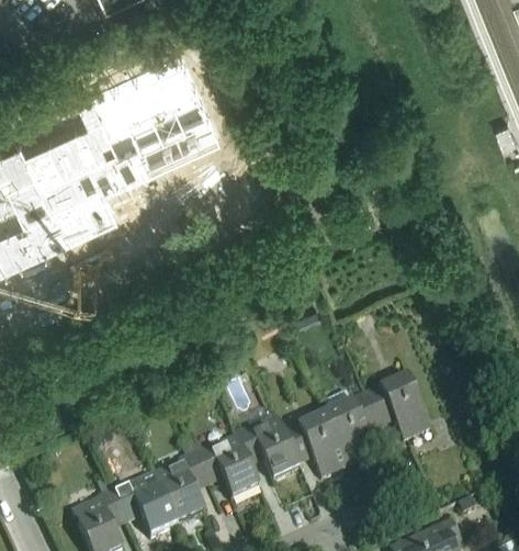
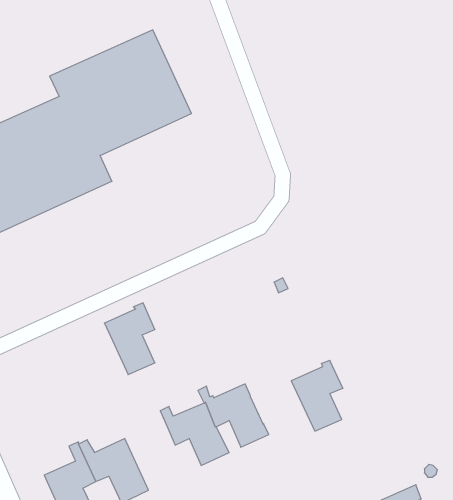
building: [364,378,431,442] -> none
building: [277,412,349,480] -> none
building: [155,453,206,527] -> [104,303,155,375]

